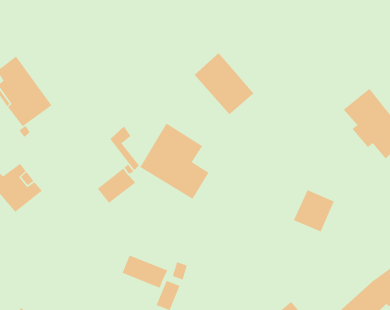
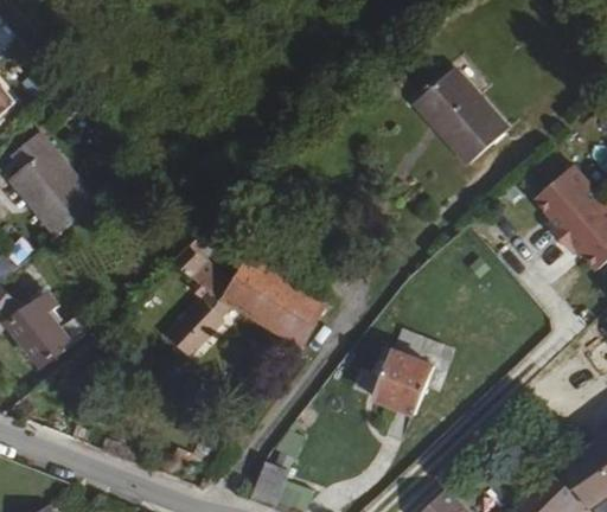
building: [194,52,254,115] -> [427,75,516,167]
building: [293,189,335,233] -> [372,356,434,420]
building: [122,255,169,289] -> none

